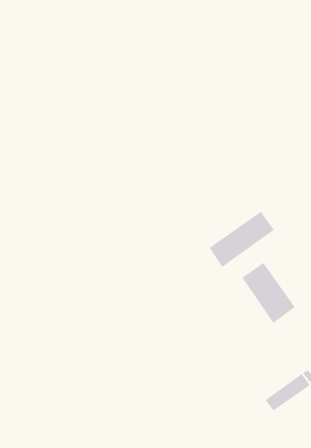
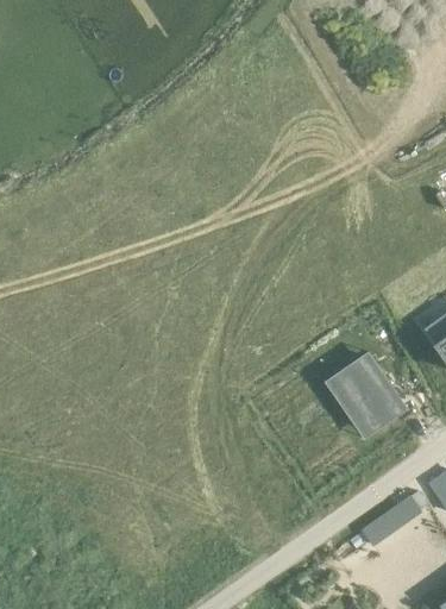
building: [209,211,274,268] -> none

